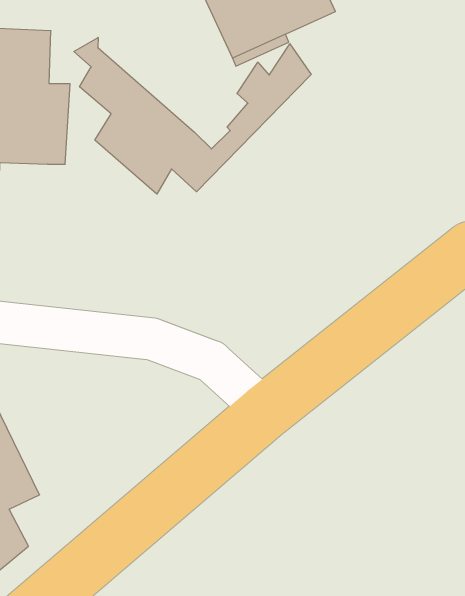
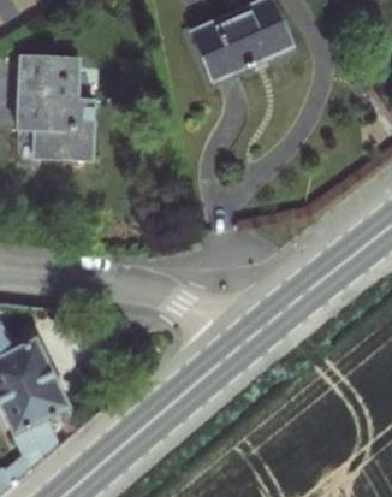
building: [74,37,311,194] -> none

